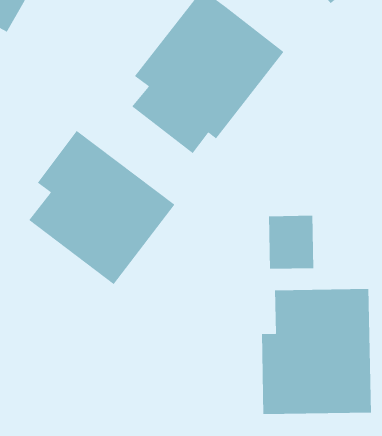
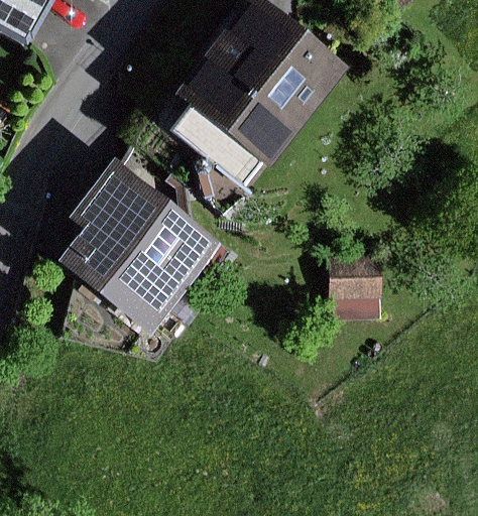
building: [261,288,372,415] -> none

